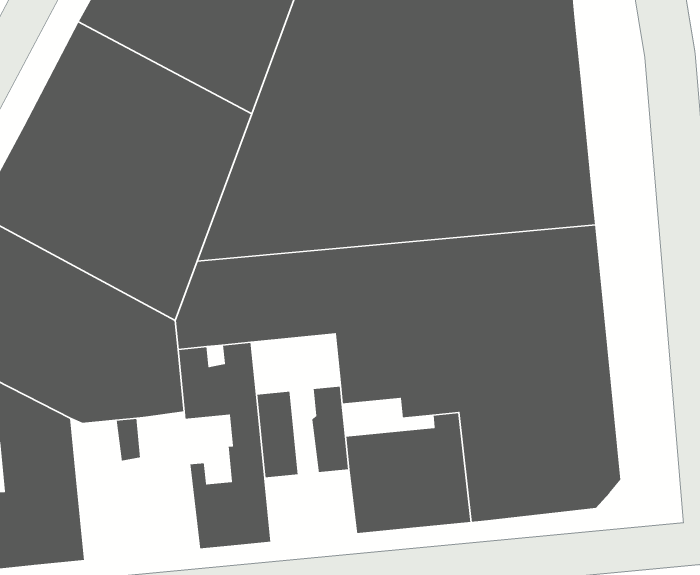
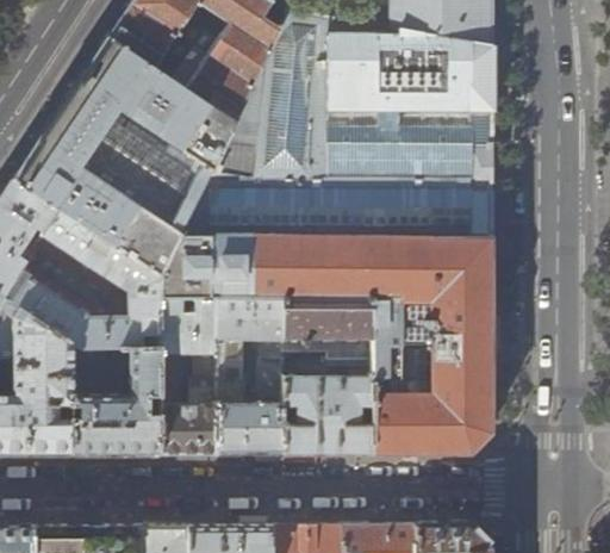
building: none -> [217,300,282,341]
building: none -> [71,349,161,456]
building: none -> [217,406,284,456]

